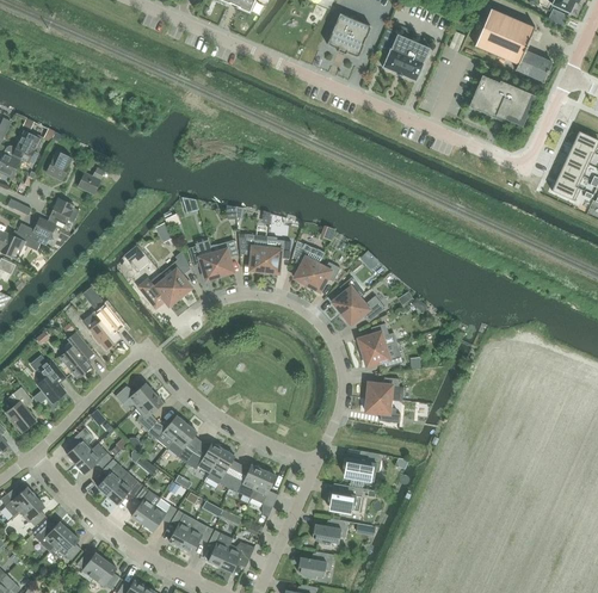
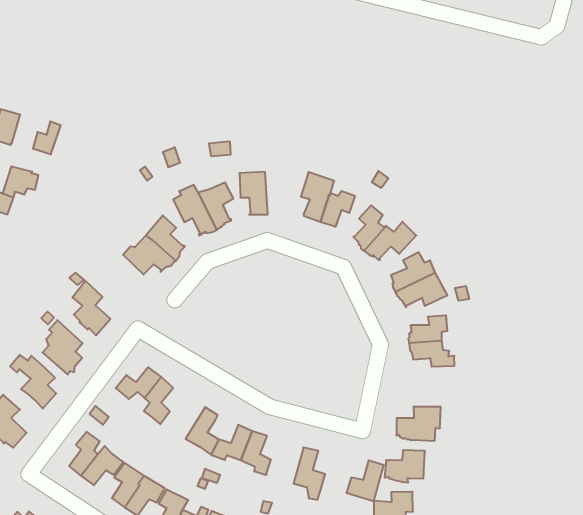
building: [265,236,291,273] -> none
building: [148,415,187,447] -> none
building: [229,464,264,499] -> [346,460,384,501]

